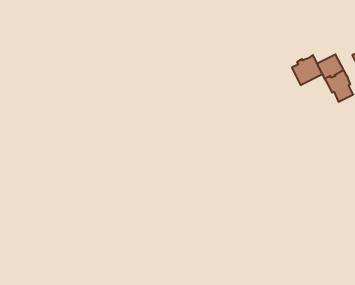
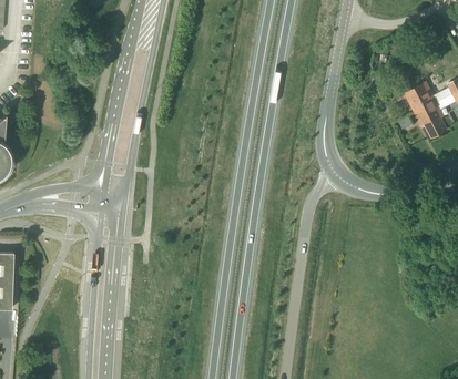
building: [292,55,322,85] -> none

